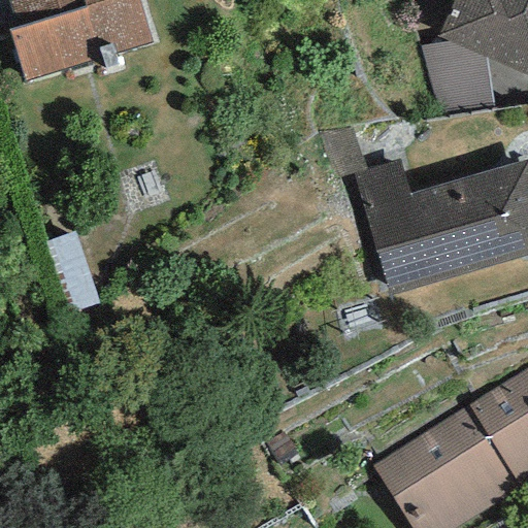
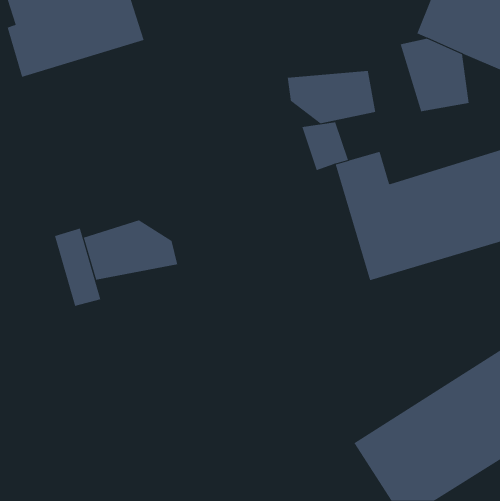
building: none -> [287,70,376,124]
building: none -> [83,219,178,281]

